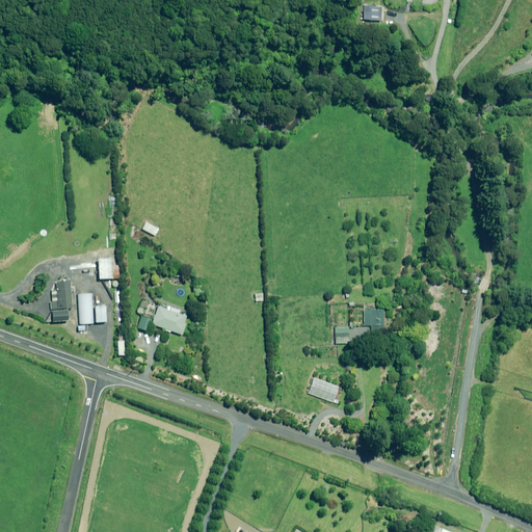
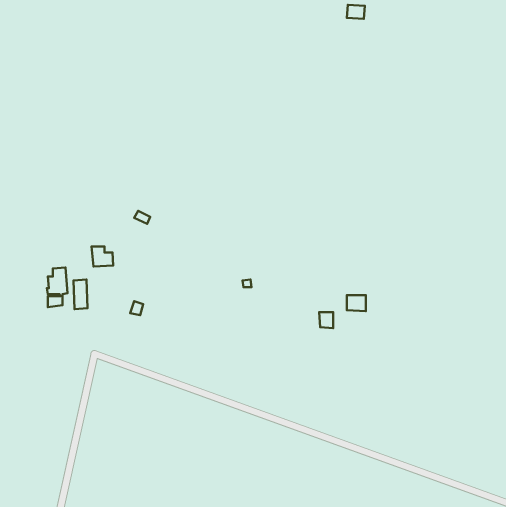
building: [153,304,188,334] -> none
building: [309,377,340,401] -> none

